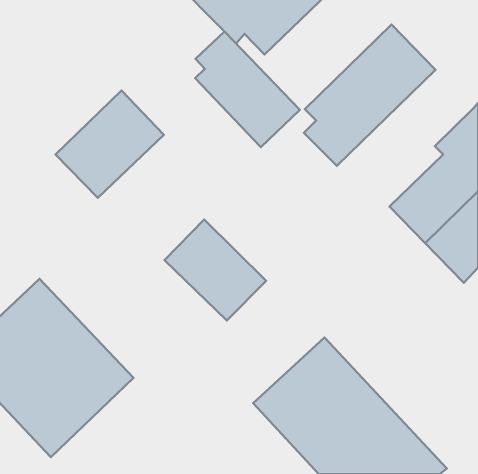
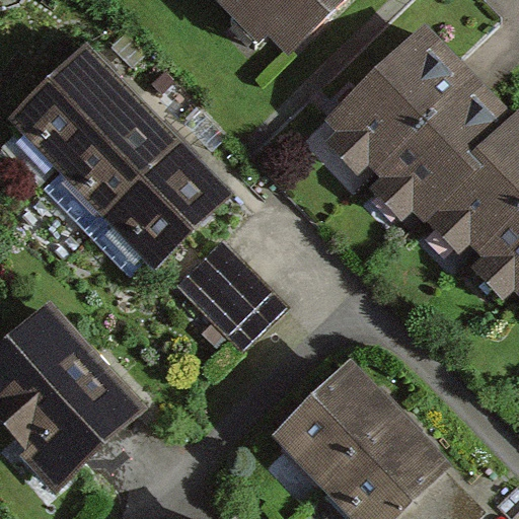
building: [195,32,300,147] -> none
building: none -> [14,51,131,166]
building: none -> [363,75,510,222]
building: none -> [105,145,222,261]

